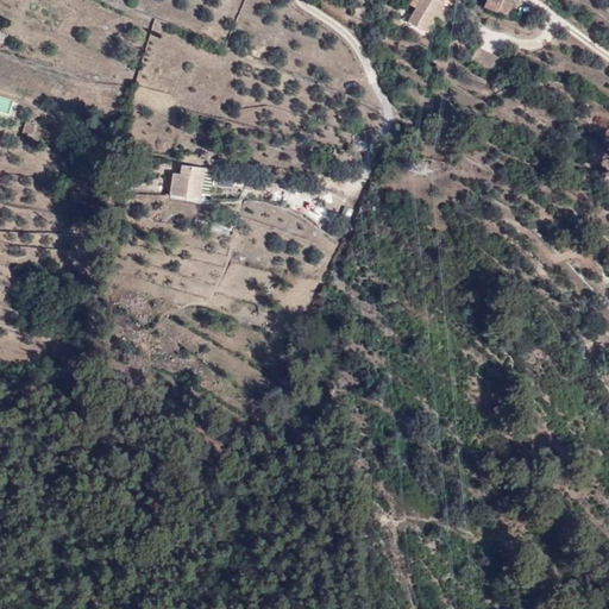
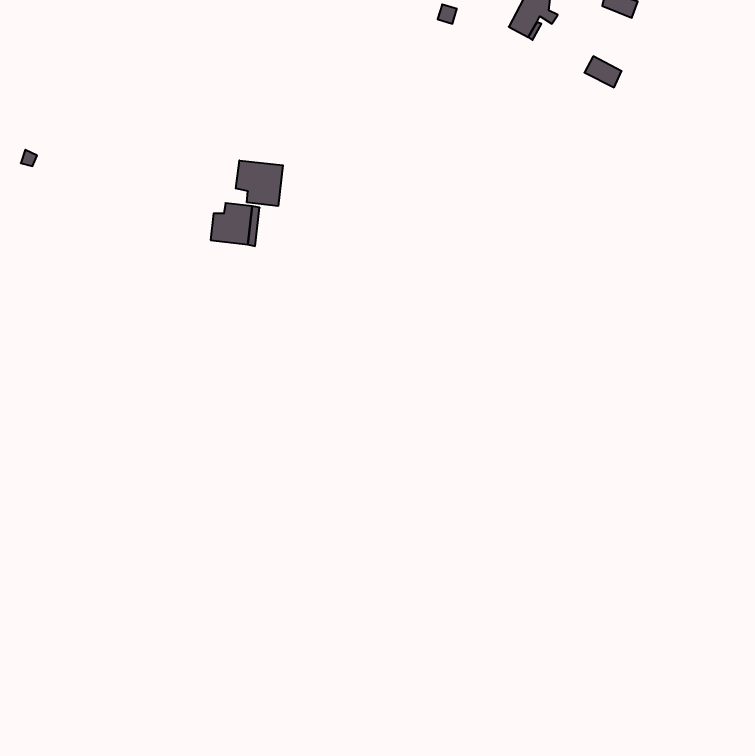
building: none -> [236,160,283,206]

